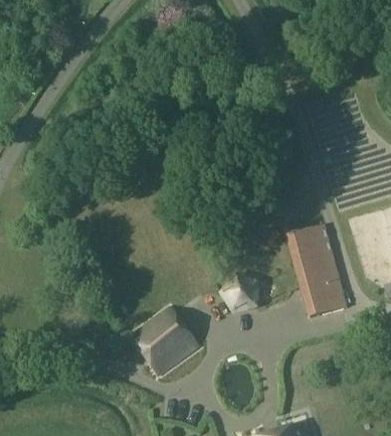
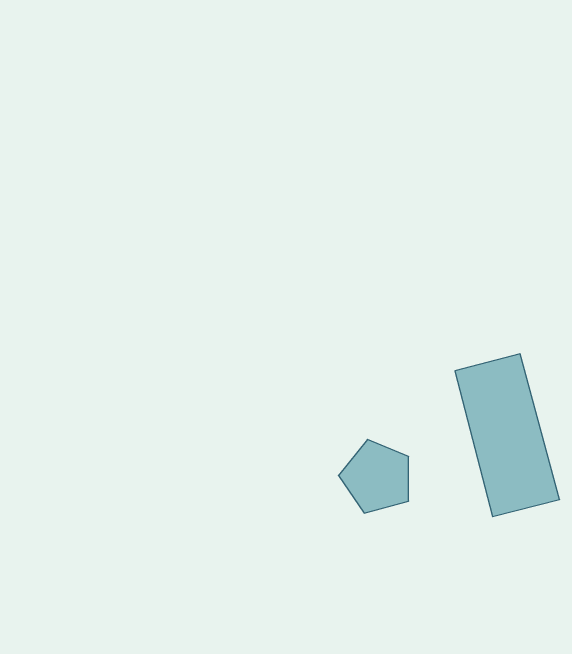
building: [133,310,195,373] -> none

